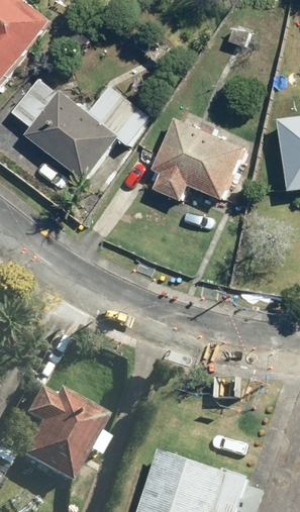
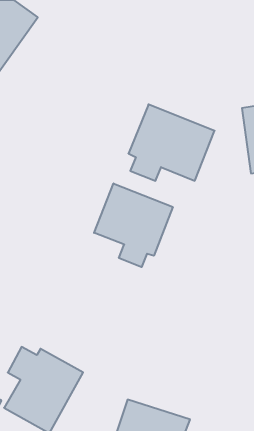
building: [25,90,122,184] -> none
building: none -> [94,183,173,267]

